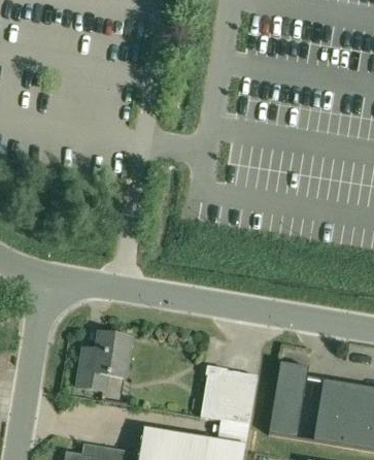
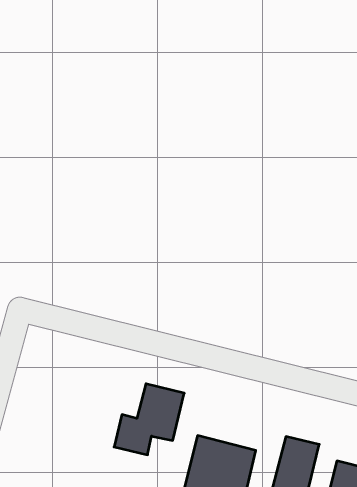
building: [77,333,131,391] -> [114,384,184,455]

